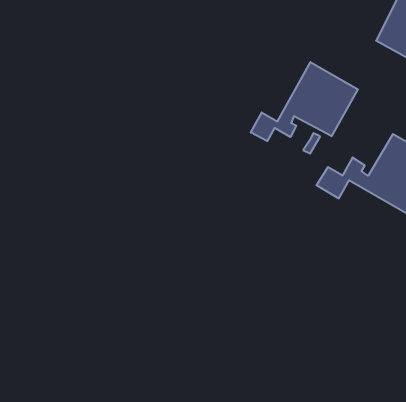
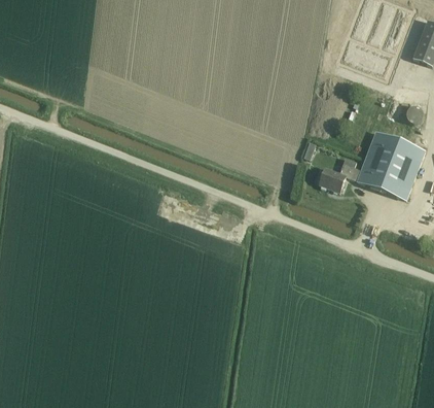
building: [251,62,358,141] -> none

